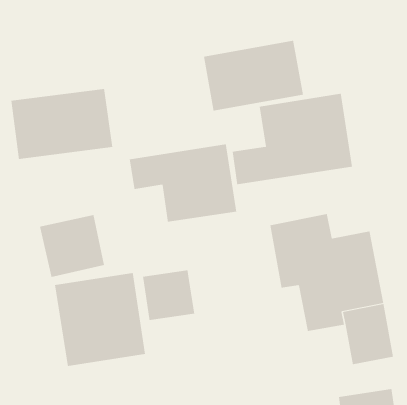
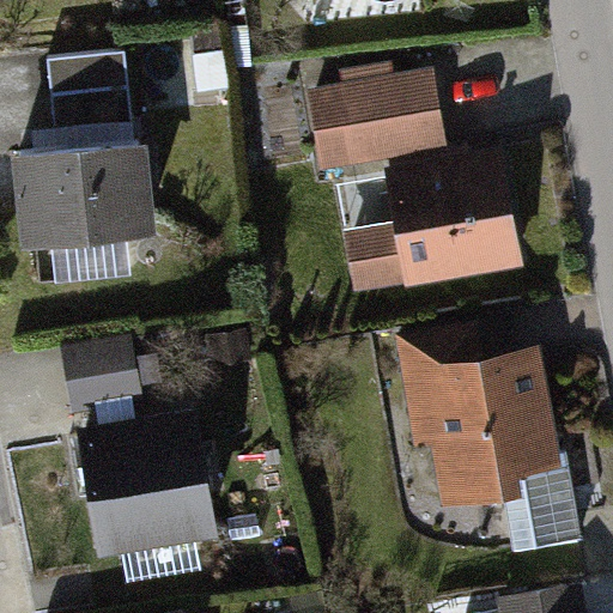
building: none -> [43,66,133,148]
building: [129,144,237,223] -> none
building: [142,270,195,321] -> none

